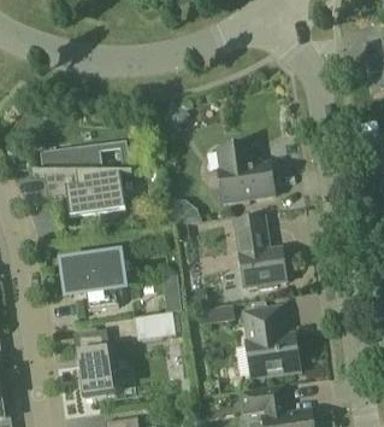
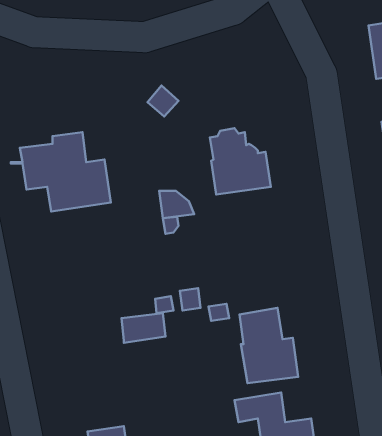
building: [235,216,286,287] -> none
building: [64,255,122,309] -> none
building: [75,333,118,399] -> none

